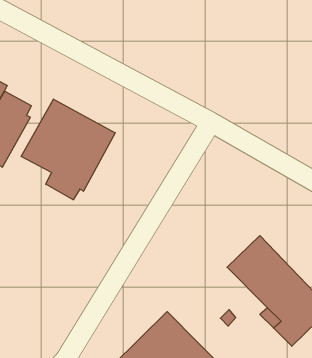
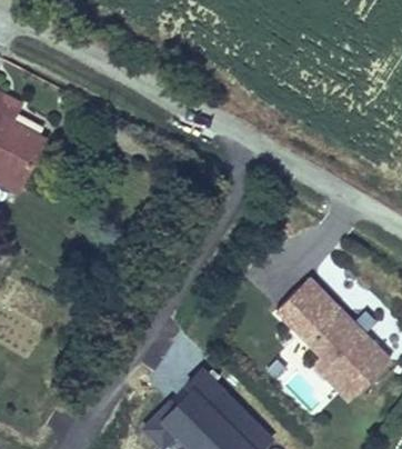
building: [21,99,115,200] -> none

